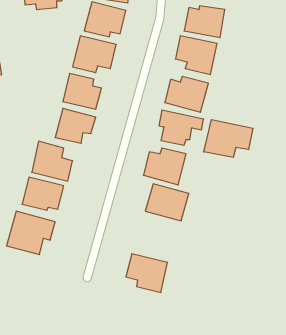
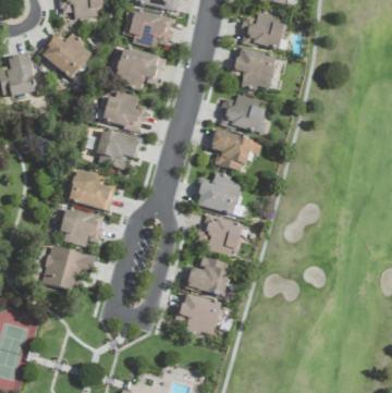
building: none -> [38,32,93,78]
building: [204,120,253,157] -> none
building: none -> [187,257,231,294]

